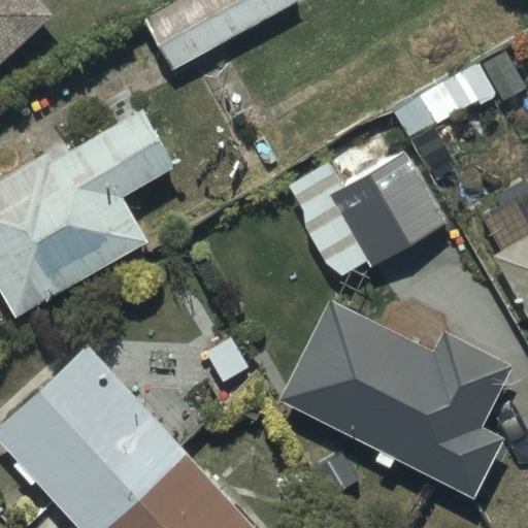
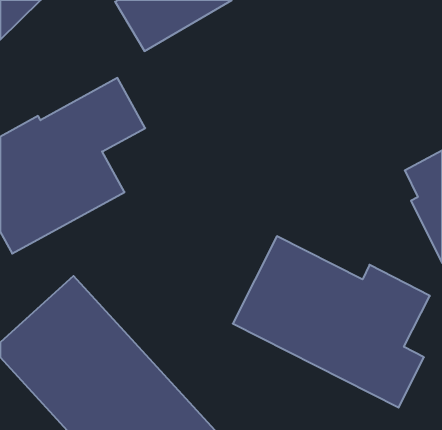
building: [288,131,450,279] -> none

